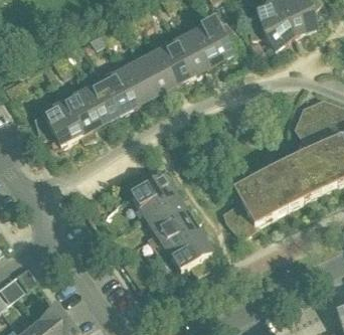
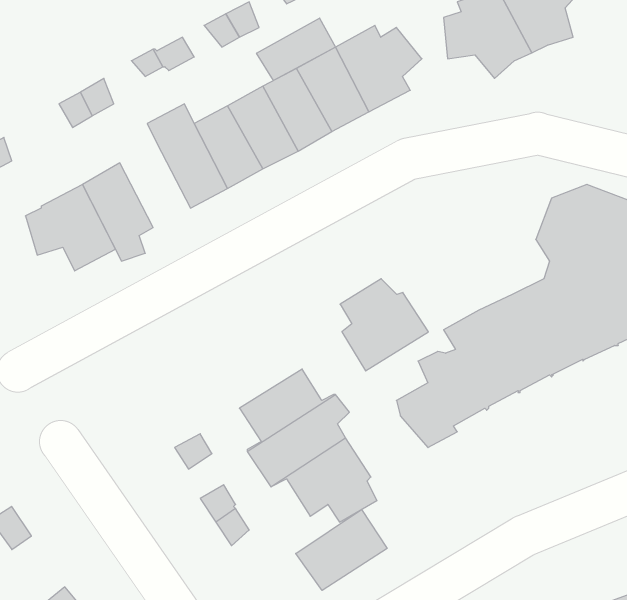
building: none -> [257,18,335,81]
building: [83,78,120,122] -> none
building: [132,167,177,214] -> [340,279,428,371]
building: none -> [296,509,387,590]

